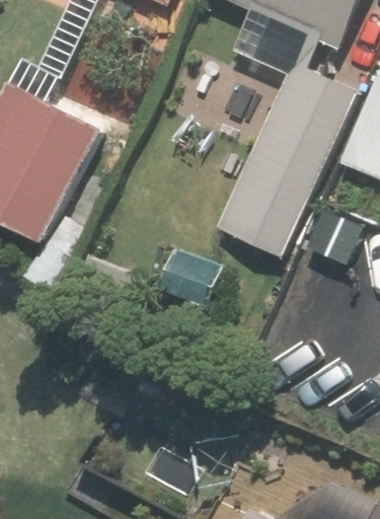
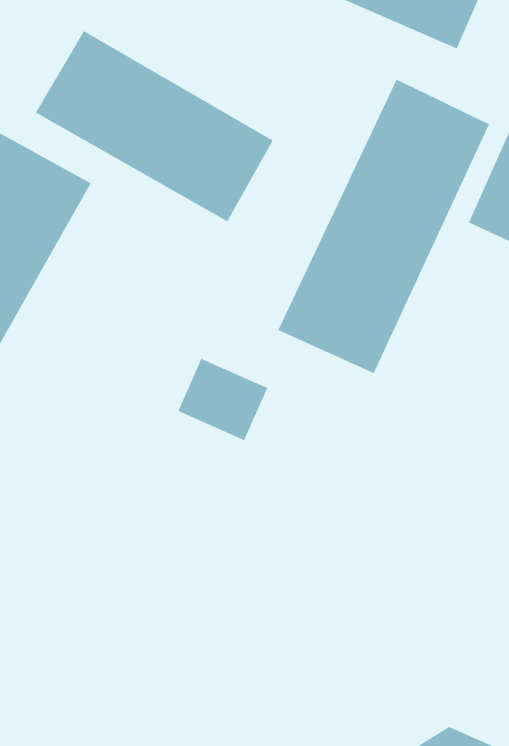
building: none -> [35,30,273,222]

